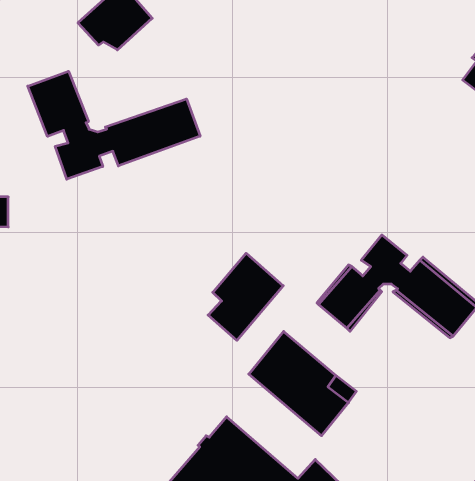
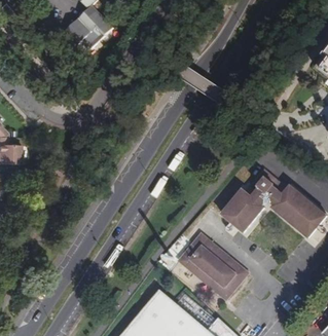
building: [28,71,200,179] -> none
building: [208,253,283,340] -> none

